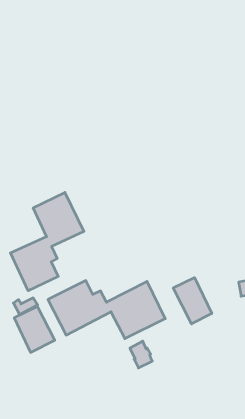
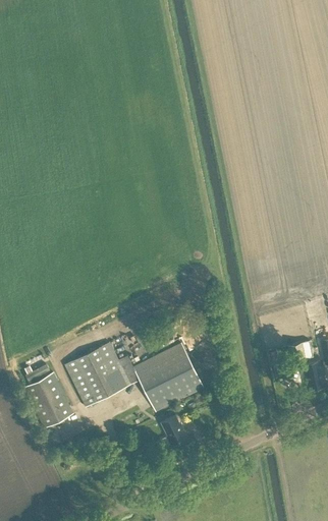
building: [10,192,84,291] -> none
building: [173,278,212,324] -> none

